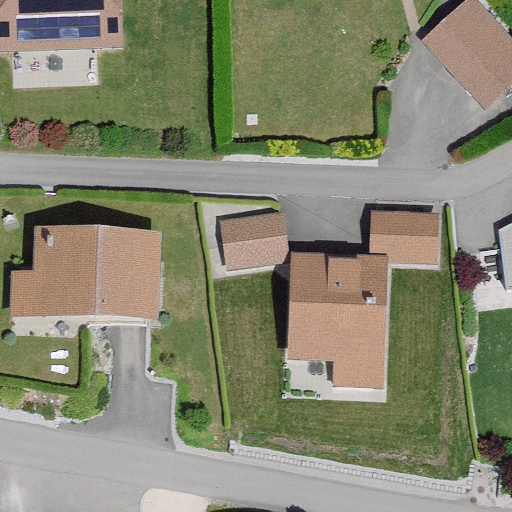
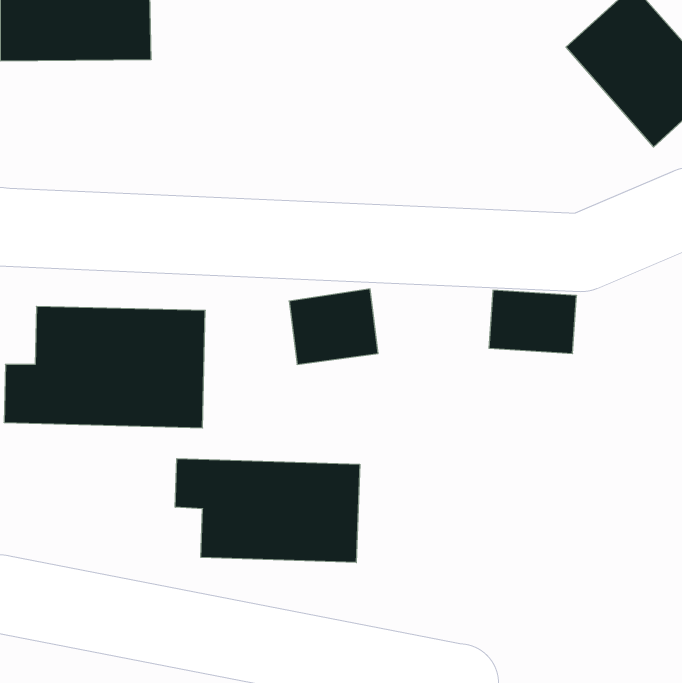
building: [289,261,384,382] -> none
building: none -> [175,459,360,563]

